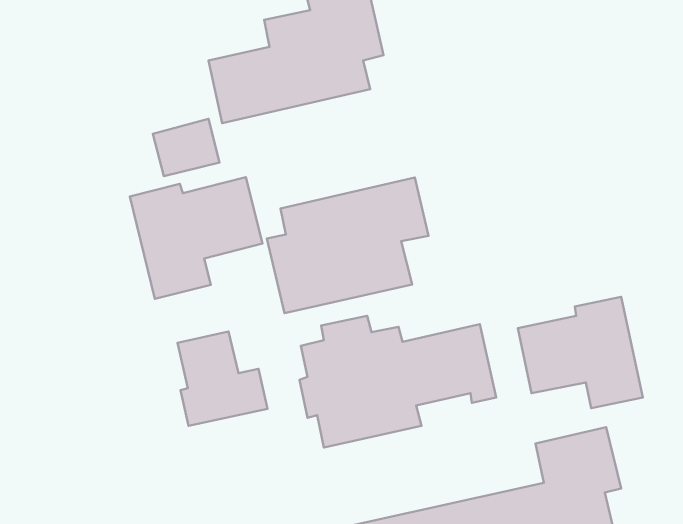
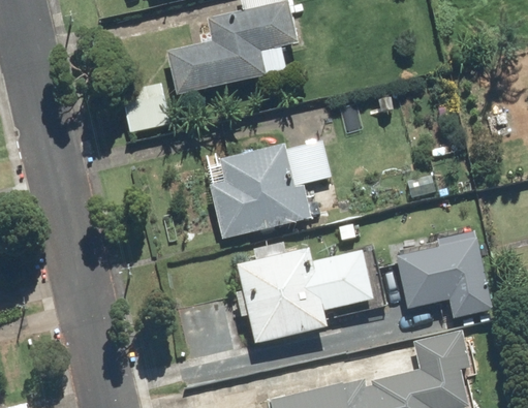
building: [130,177,263,299] -> none
building: [178,331,267,426] -> none

